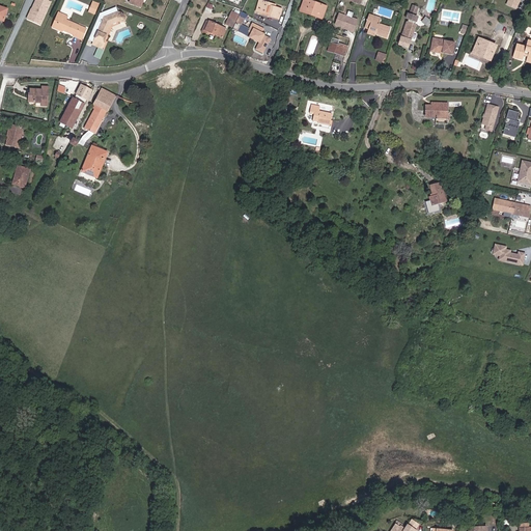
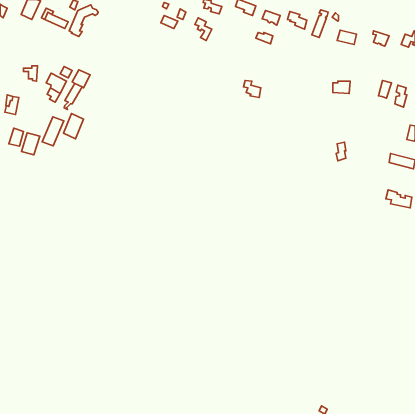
building: none -> [42,117,64,146]
building: none -> [21,133,40,155]

